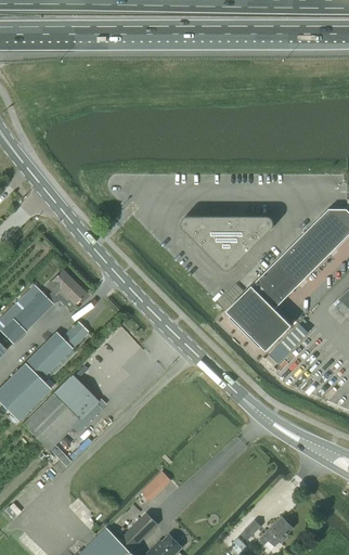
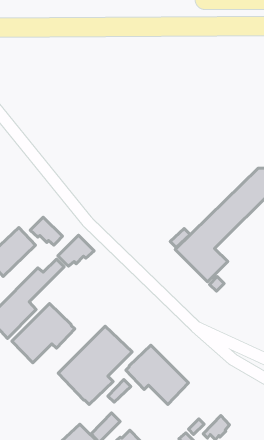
building: [181,217,274,270] -> none
building: none -> [58,235,94,266]
building: none -> [58,326,132,404]
building: none -> [126,345,189,405]

